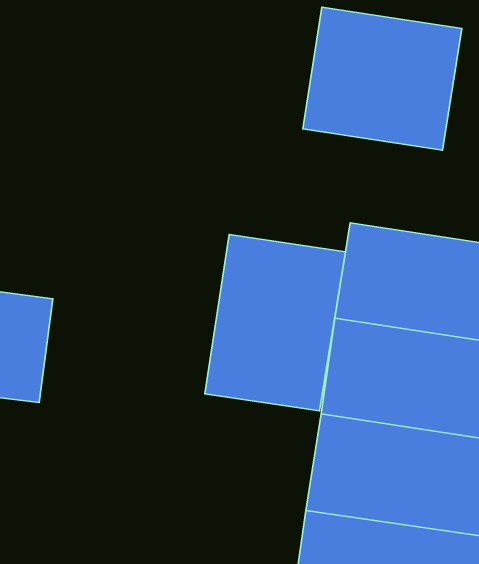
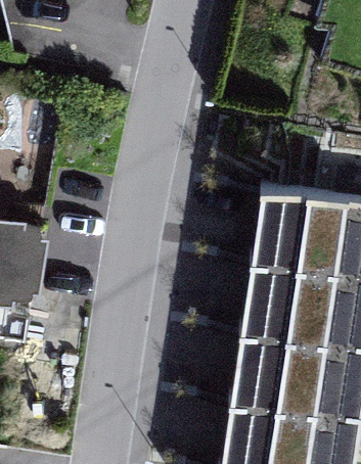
building: [303,7,462,150] -> none
building: [205,234,346,411] -> none

